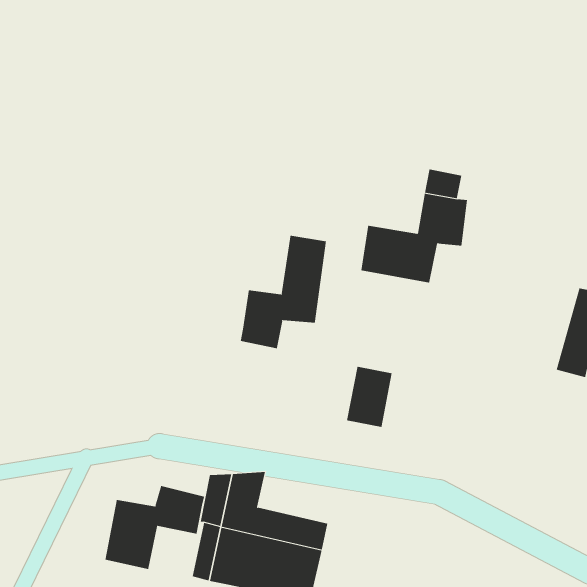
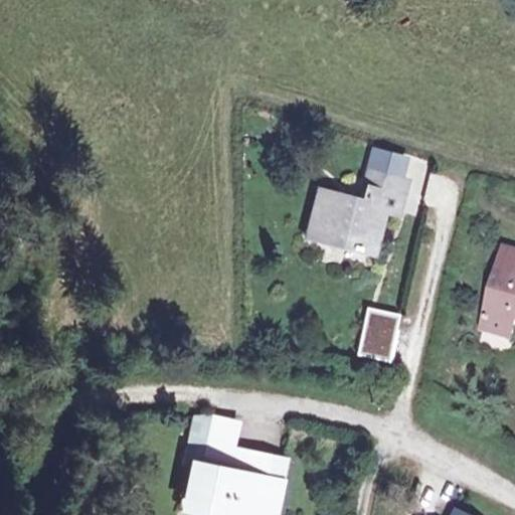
building: [240,235,327,349] -> none
building: [346,366,393,427] -> [359,309,399,362]
building: [105,485,205,570] -> none

